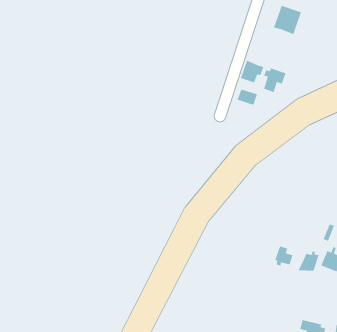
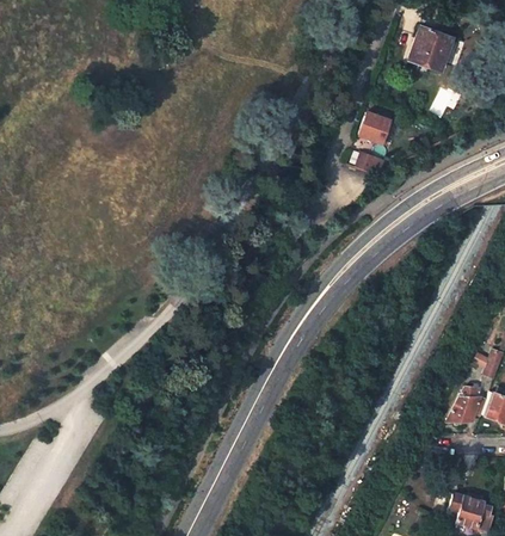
building: [264,67,286,93] -> none
building: [275,245,293,266] -> none

